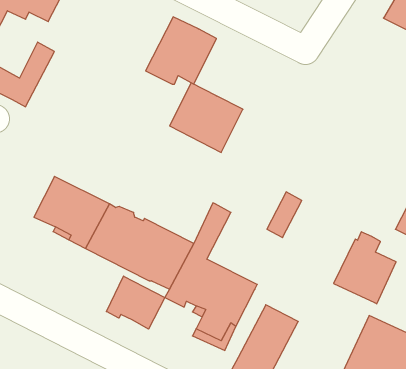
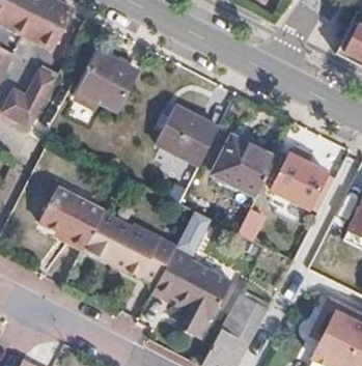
building: [146,17,216,84] -> [76,54,137,112]
building: none -> [214,138,277,196]
building: [334,232,396,304] -> [273,147,327,209]
building: [106,276,165,329] -> none

